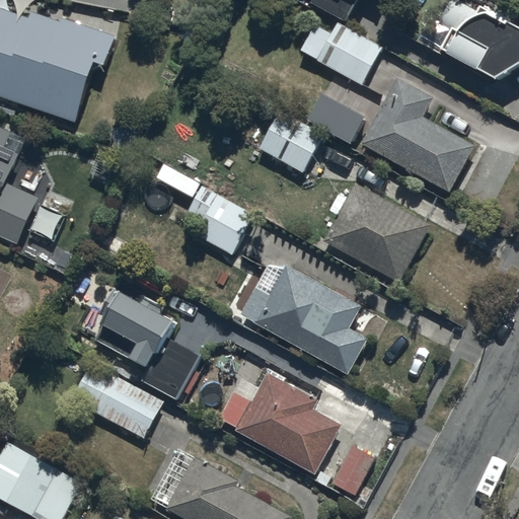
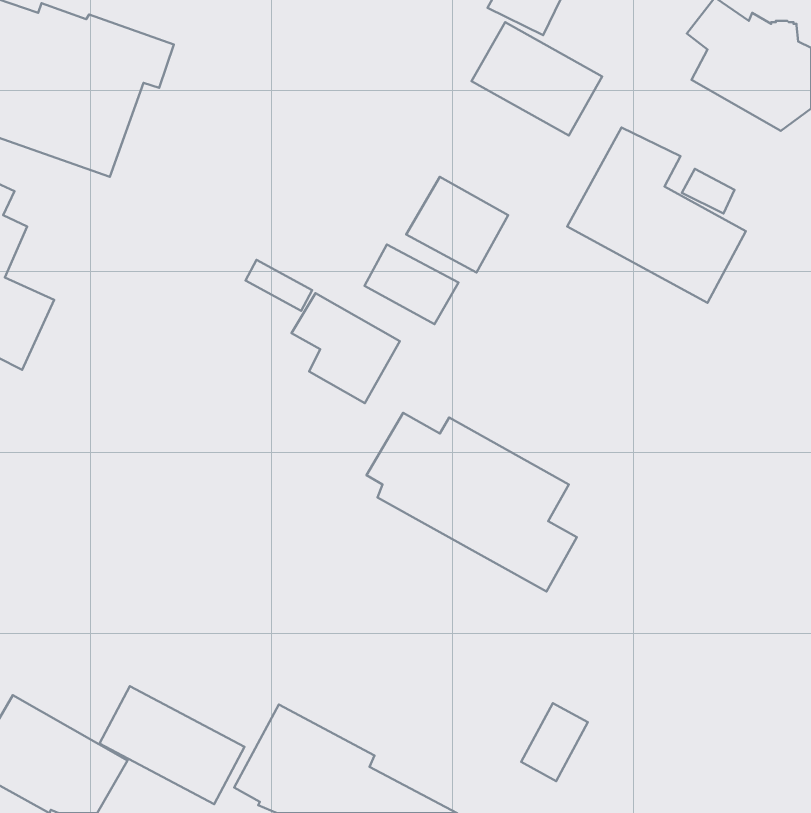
building: [306,94,366,145] -> [364,244,458,324]
building: [322,184,431,284] -> none
building: [96,290,201,401] -> none
building: [72,364,164,439] -> [99,686,244,804]
building: [219,372,343,476] -> none

